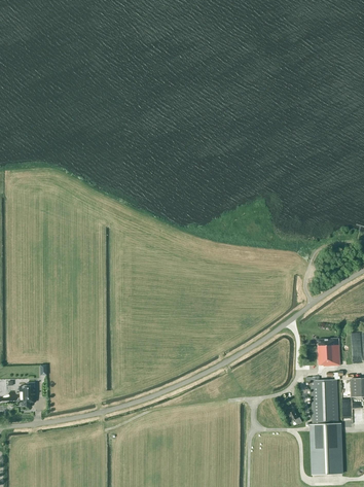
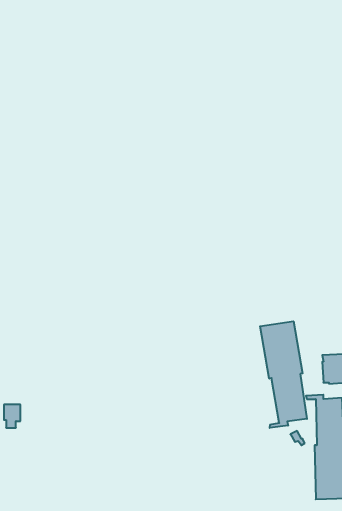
building: none -> [260,321,307,428]

